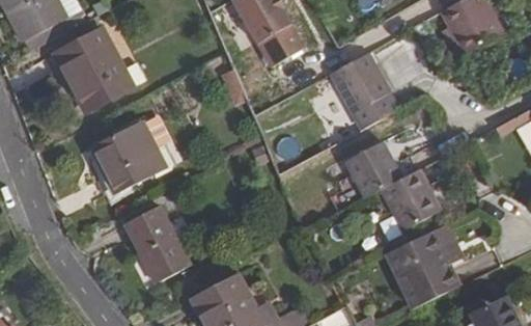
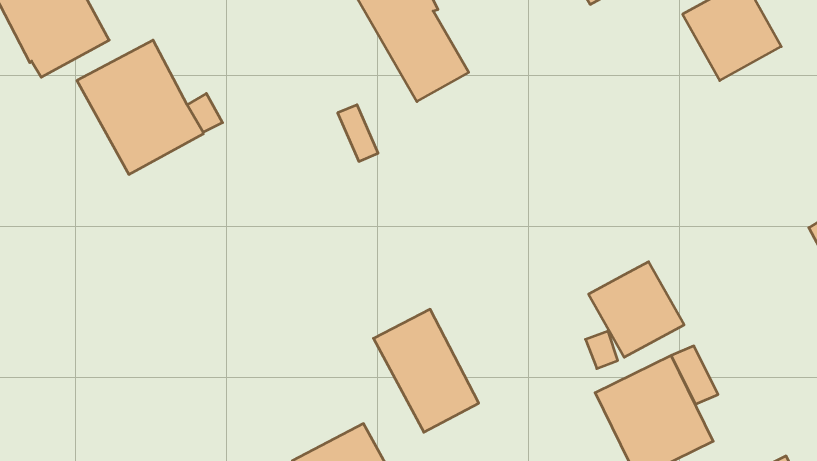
building: [331,52,397,130] -> none
building: [90,123,167,194] -> none
building: [345,141,403,198] -> none
building: [123,206,191,284] -> [373,309,479,432]

